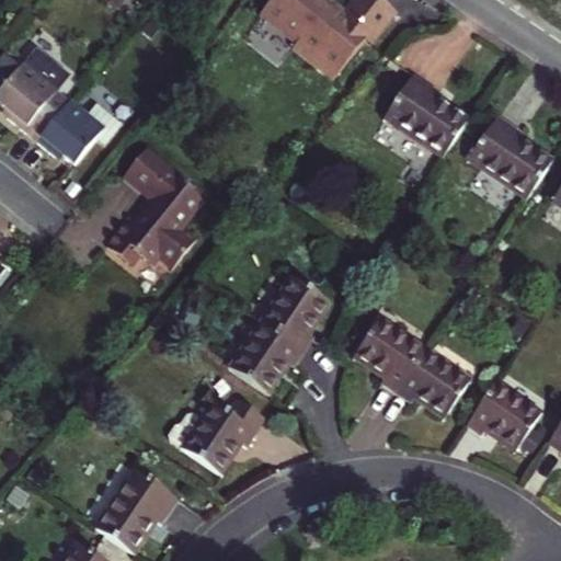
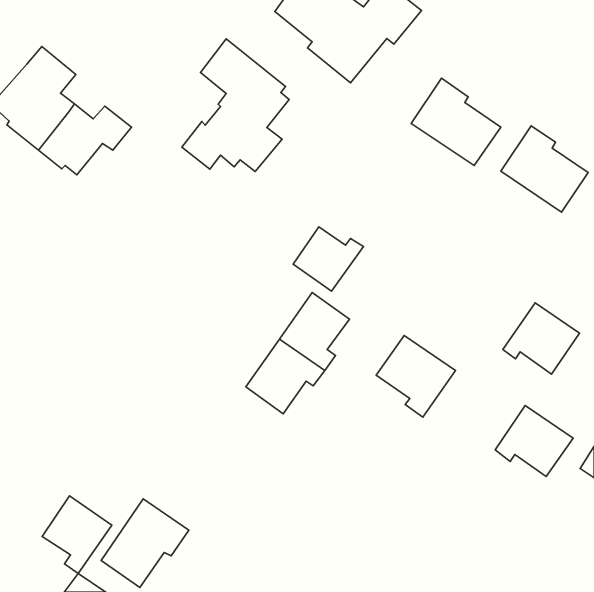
building: [107,138,208,263] -> [182,39,289,172]
building: none -> [293,227,363,291]
building: [398,348,470,415] -> [503,303,580,374]
building: [169,400,264,473] -> none
building: none -> [42,496,112,573]

